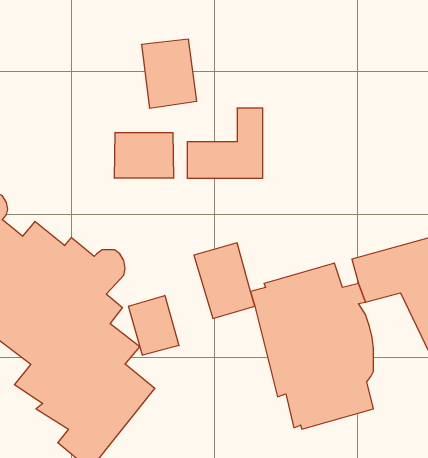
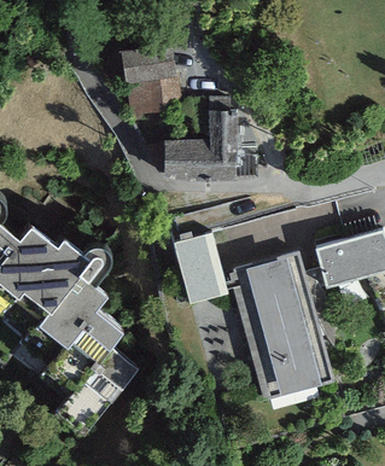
building: [115,132,173,178] -> none
building: [129,295,179,355] -> none

